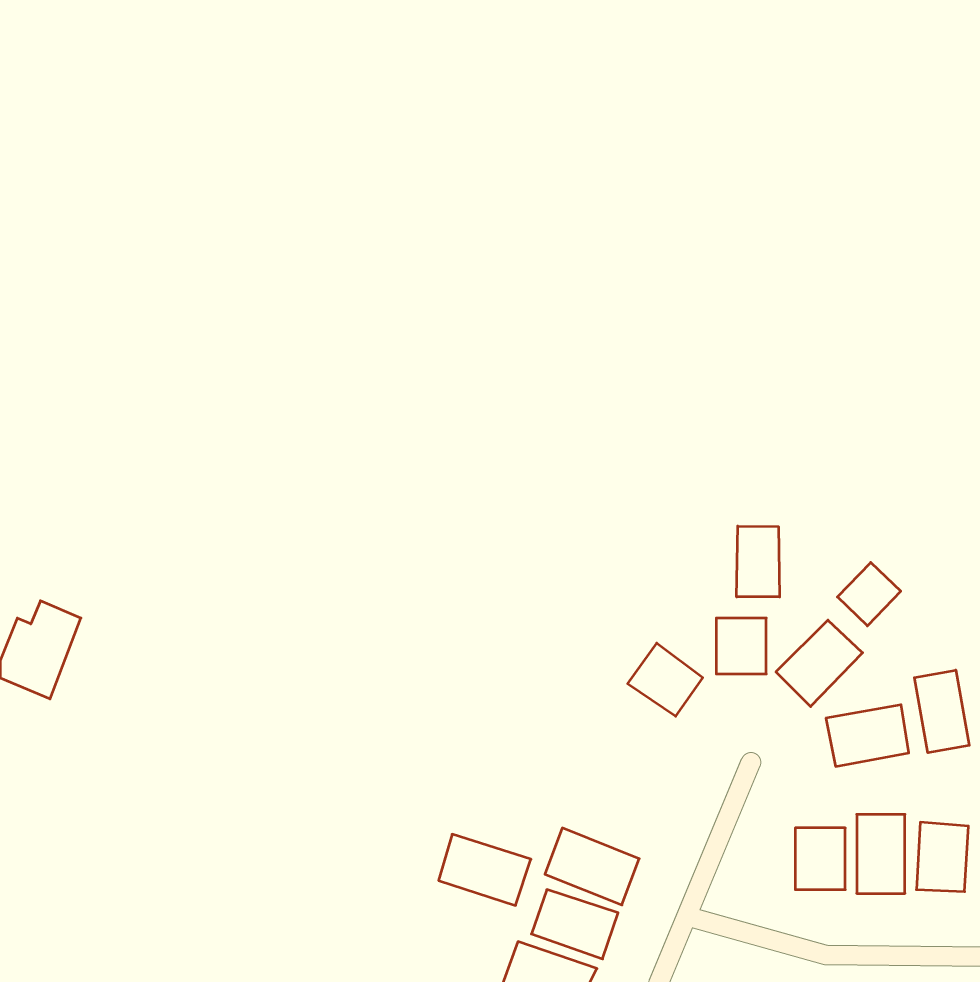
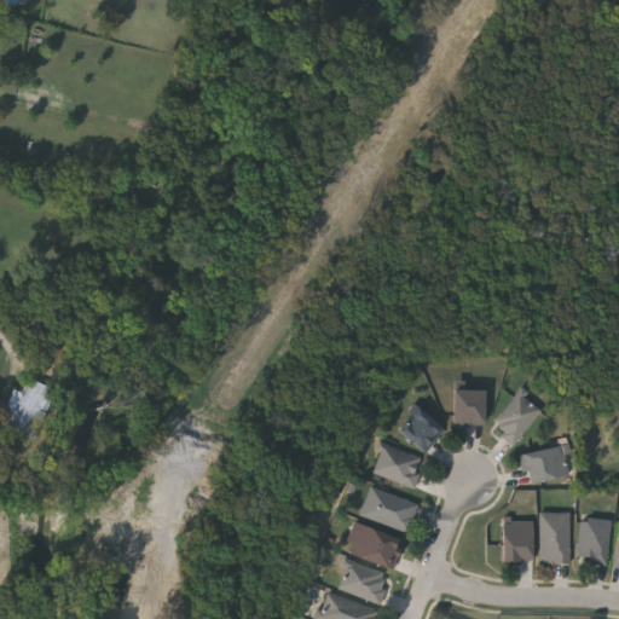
building: [737,526,780,597] -> none
building: [837,562,901,626] -> none
building: [914,670,969,753] -> none
building: none -> [374,445,424,486]
building: [439,834,531,905] -> [360,486,418,531]

